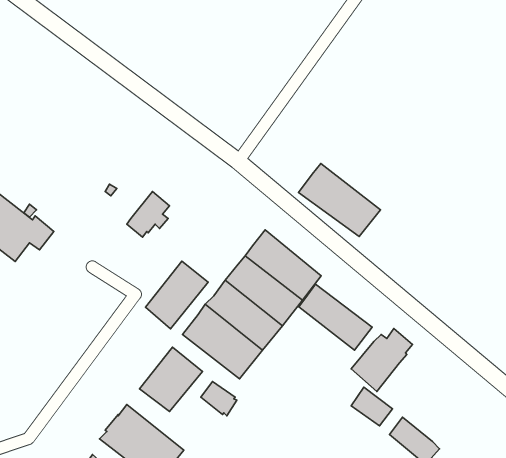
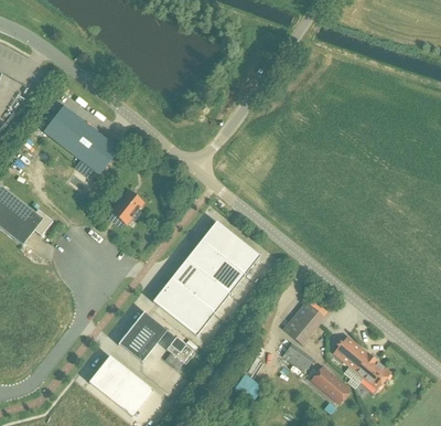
building: none -> [43,106,118,173]
building: [299,164,380,237] -> none
building: [145,261,208,329] -> none
building: [299,284,372,350] -> none
building: none -> [333,334,391,390]

